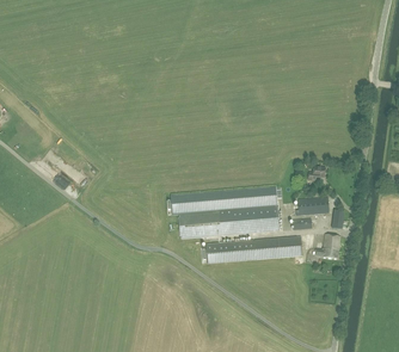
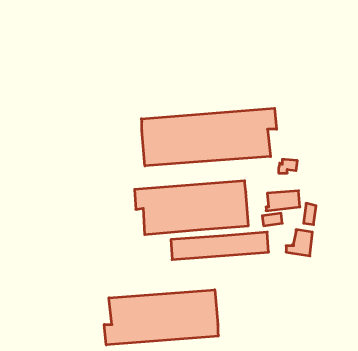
building: none -> [141,108,277,166]
building: none -> [104,290,218,345]

